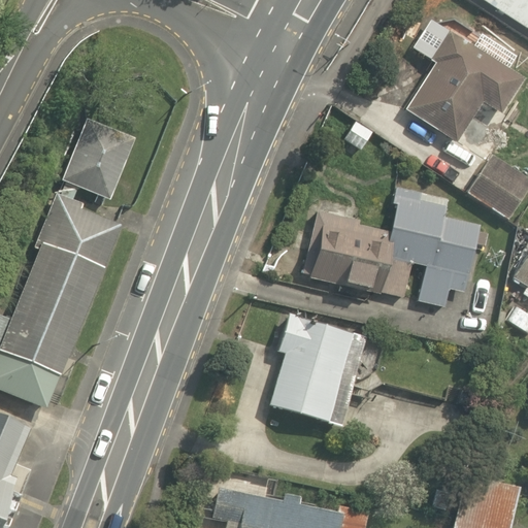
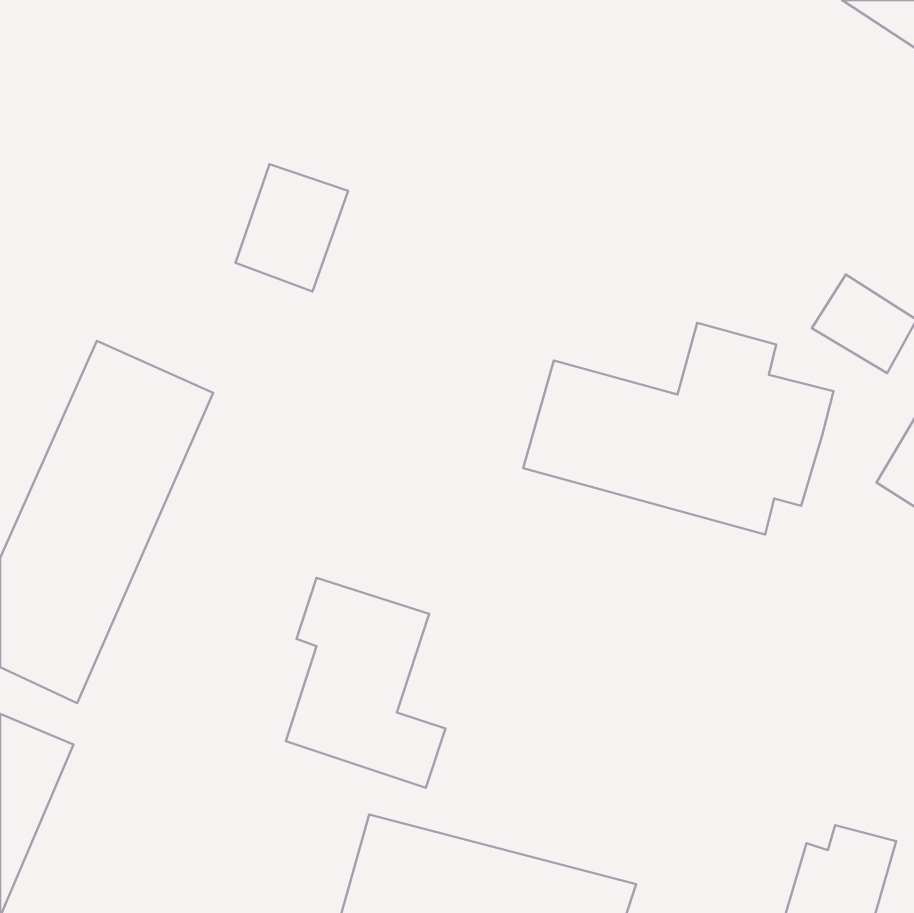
building: [406,35,521,141] -> none
building: [67,128,132,201] -> [235,164,348,291]
building: [269,314,361,434] -> [286,578,445,788]

